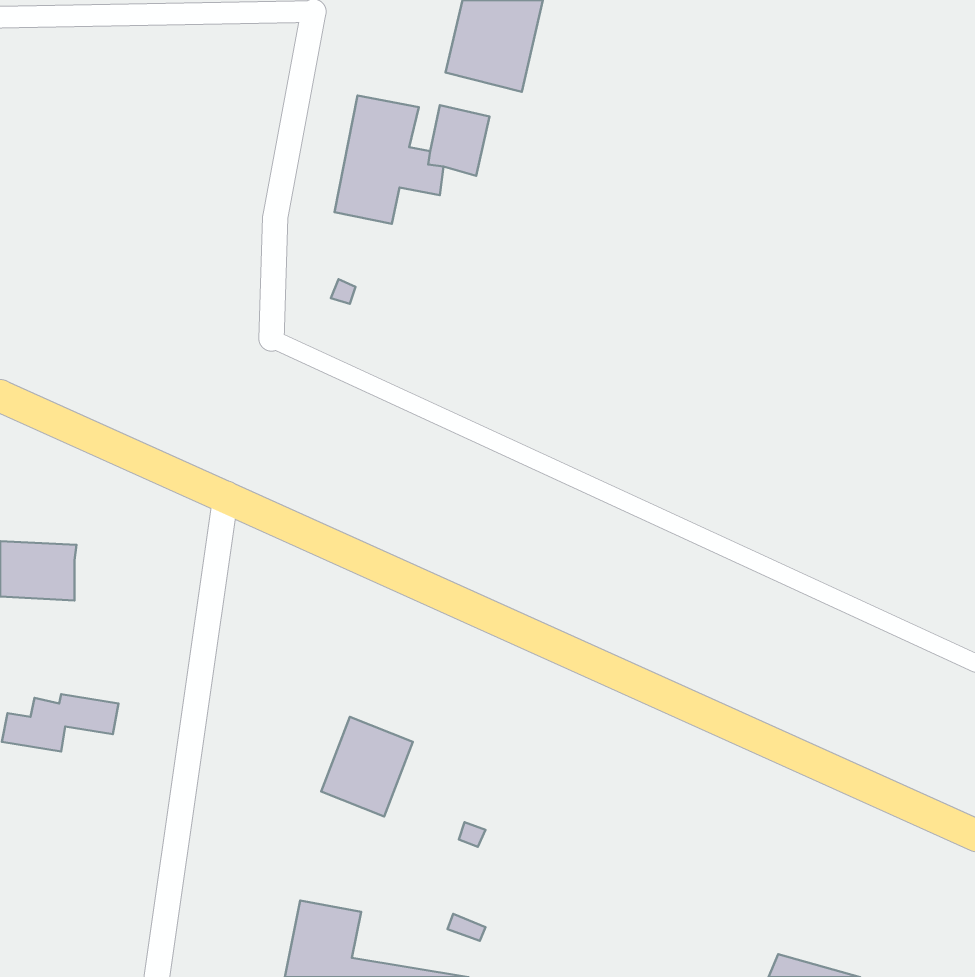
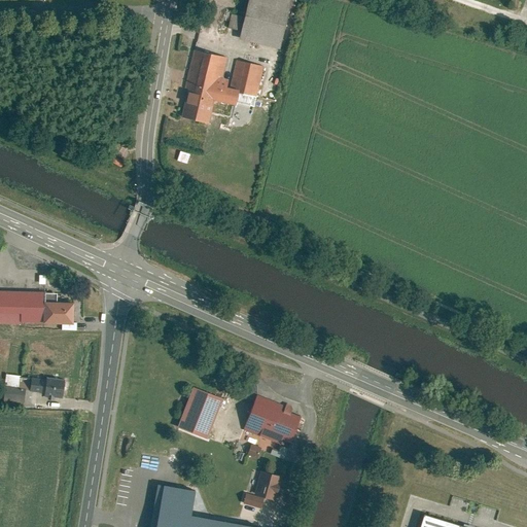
building: none -> [41,302,70,324]
building: none -> [244,395,304,444]
building: none -> [253,470,281,499]

